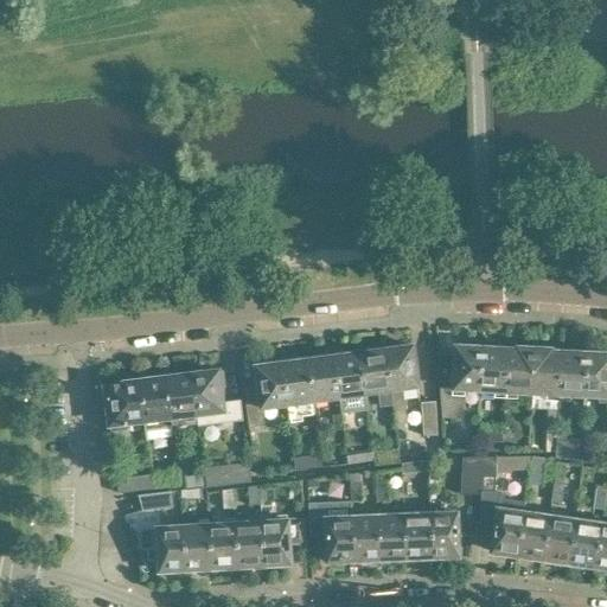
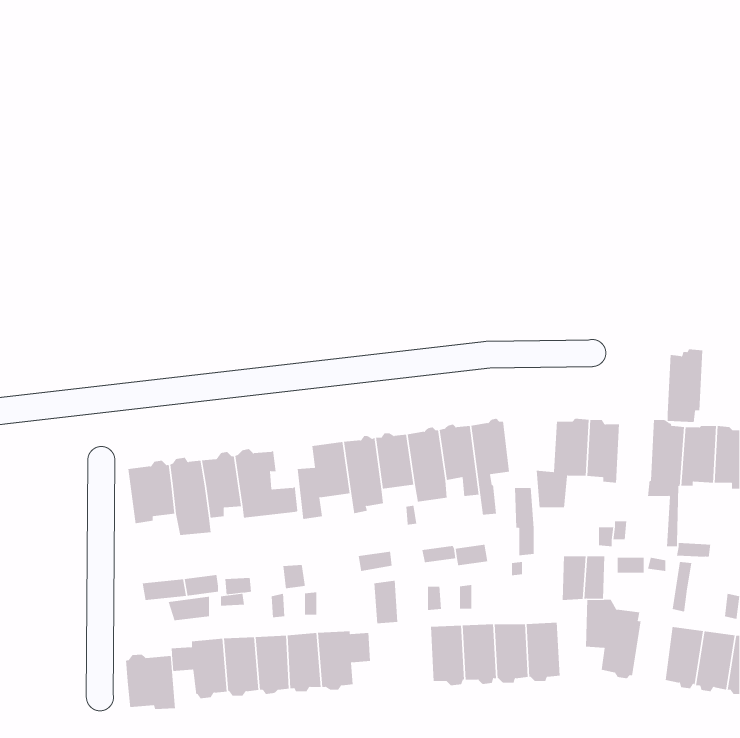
building: [505,343,535,403] -> [667,349,703,423]
building: [518,509,550,561] -> none
building: [326,513,354,563] -> none
building: none -> [125,654,175,710]

